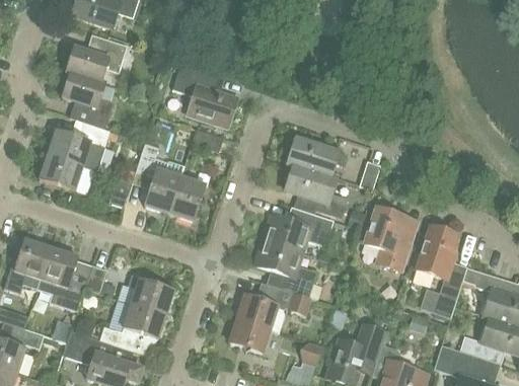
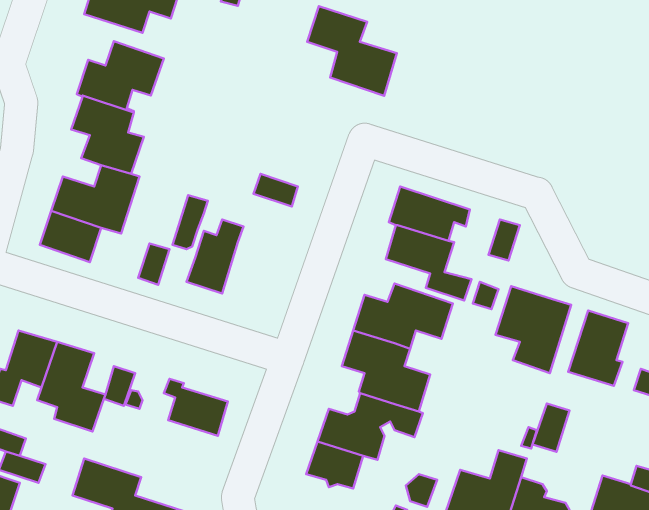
building: [171,63,235,127] -> [307,6,397,96]
building: [168,176,205,221] -> none
building: [433,282,459,316] -> [532,403,569,452]
building: [98,303,165,350] -> none

